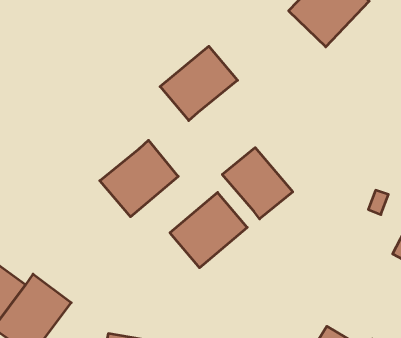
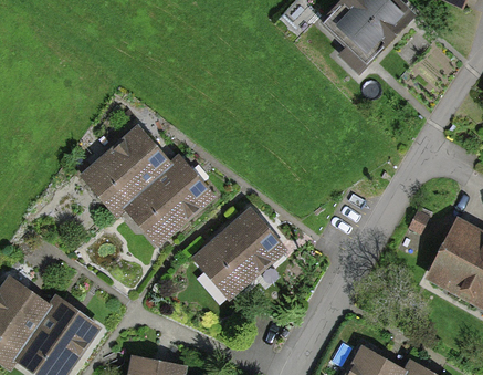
building: [160,46,238,121] -> [86,131,167,208]
building: [222,148,293,219] -> none

